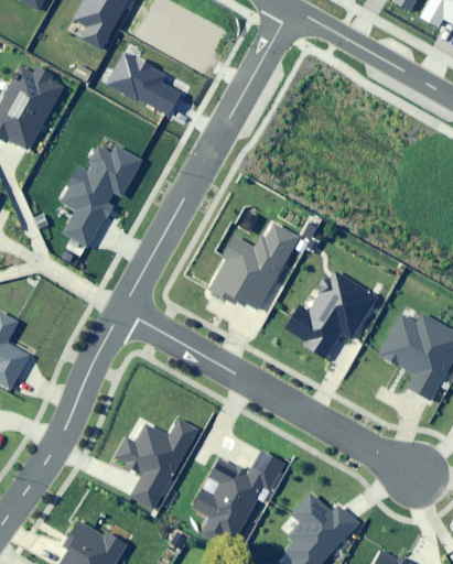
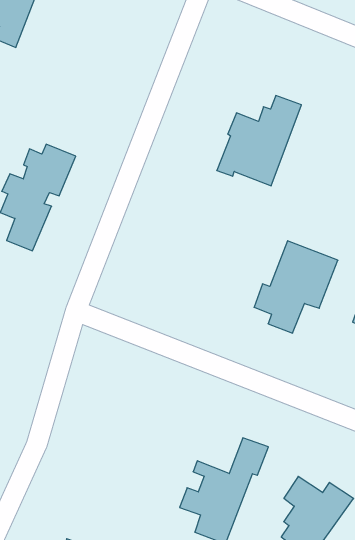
building: [106,52,181,116] -> none
building: [208,226,298,311] -> [217,96,301,186]
building: [116,419,197,509] -> none

